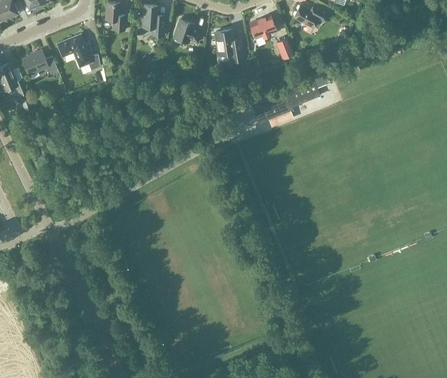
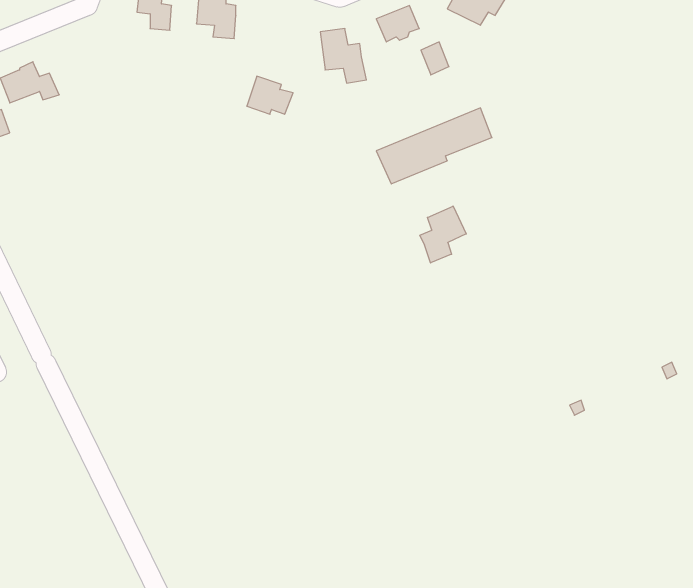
building: [174,20,202,43] -> [247,76,293,114]
building: [57,34,100,71] -> none
building: none -> [420,206,466,263]

